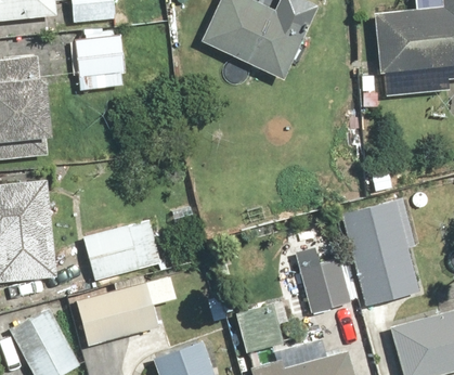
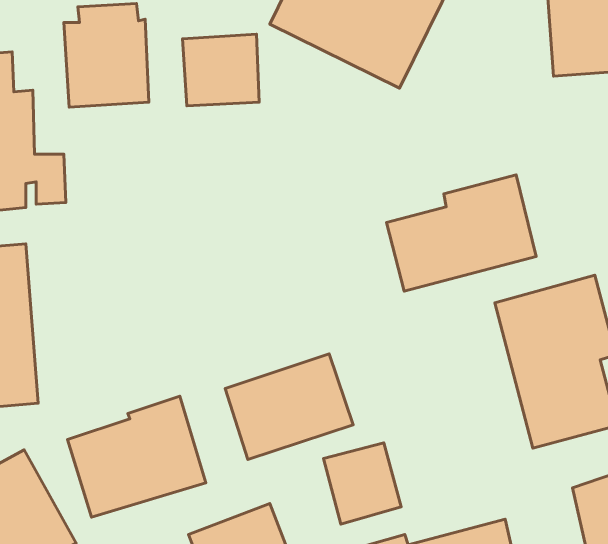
building: none -> [182,34,259,106]
building: none -> [387,175,536,291]
building: [82,217,163,283] -> [225,354,353,459]
building: [298,256,352,314] -> none

